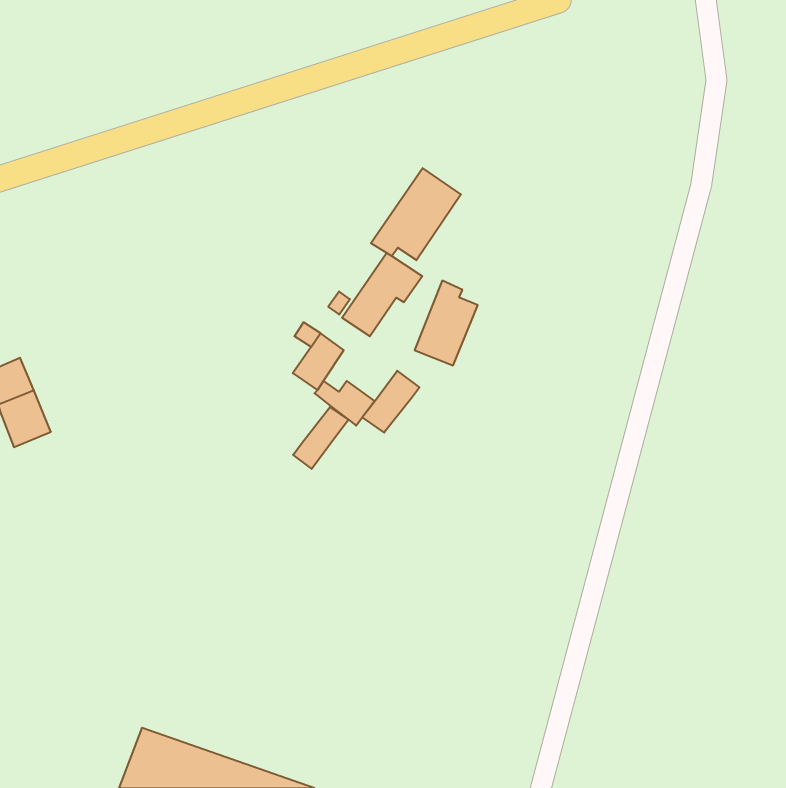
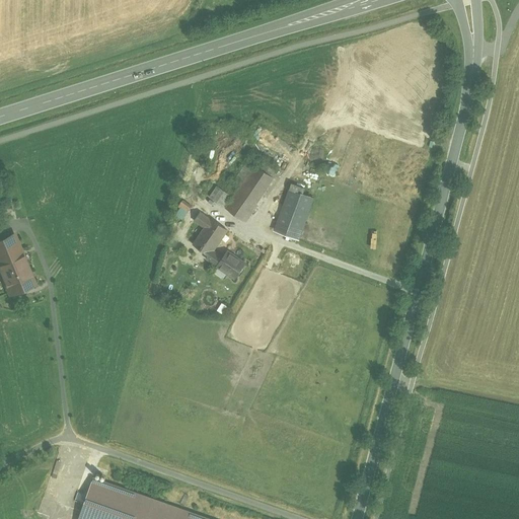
building: [371,168,461,260] -> none
building: [362,371,419,433] -> none
building: [293,407,348,469] -> none

